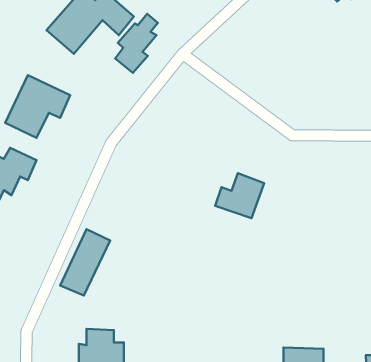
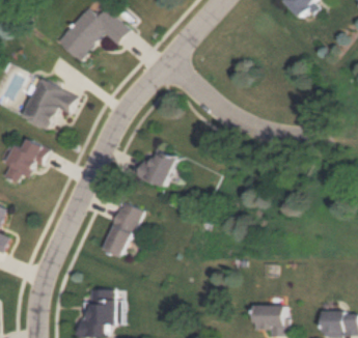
building: [115,14,158,73] -> none
building: [215,173,264,218] -> [135,148,175,186]
building: [60,229,110,295] -> [101,201,142,256]

